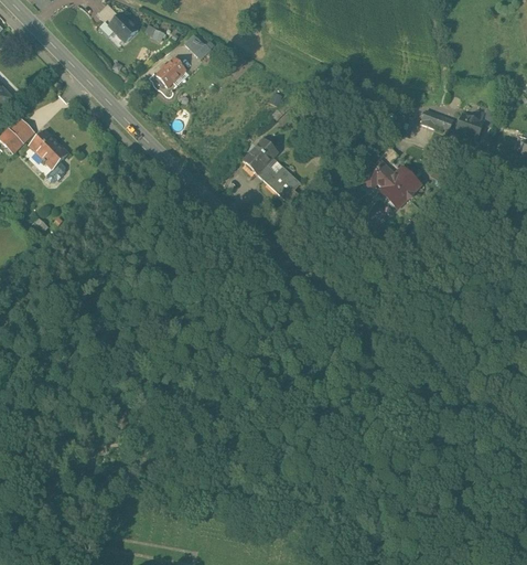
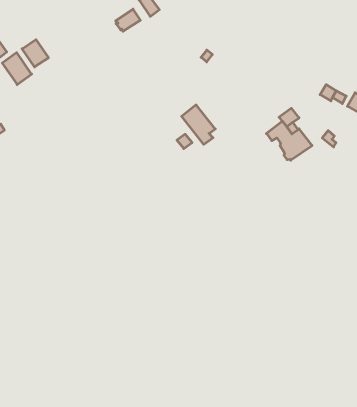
building: none -> [22,40,48,67]
building: [241,139,277,174] -> none

